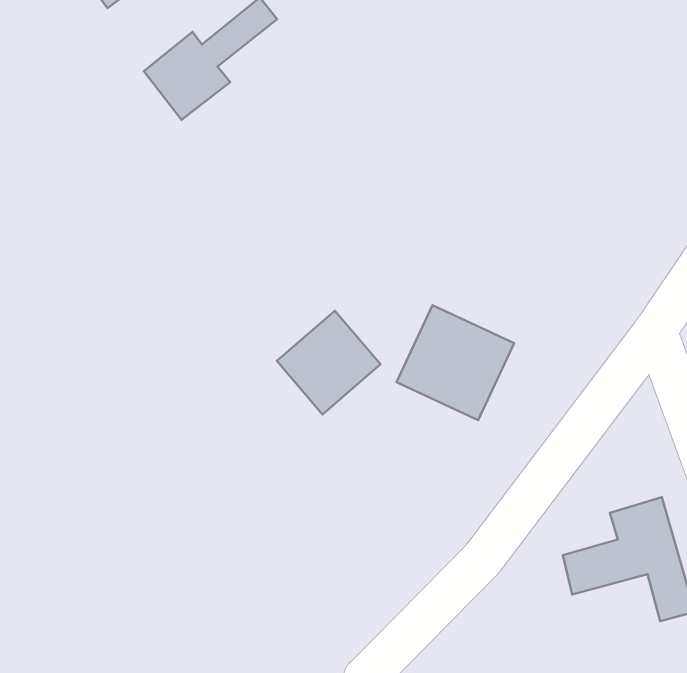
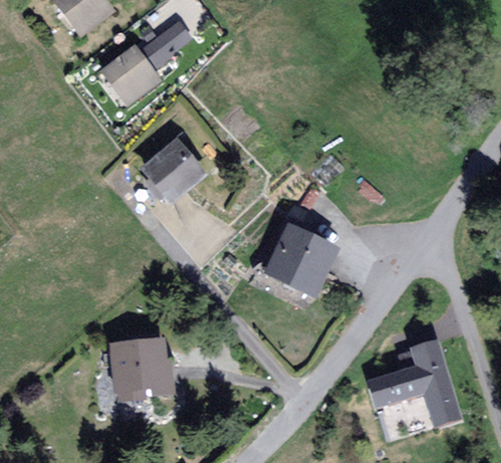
building: [277,311,380,414] -> [142,138,208,204]
building: none -> [108,338,169,400]

